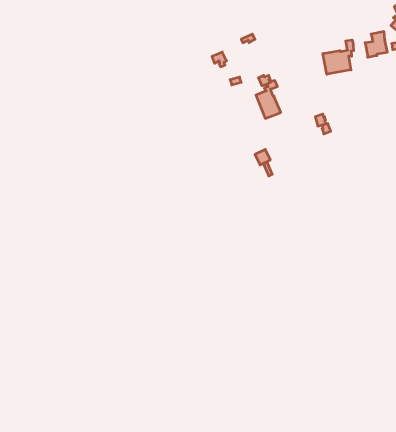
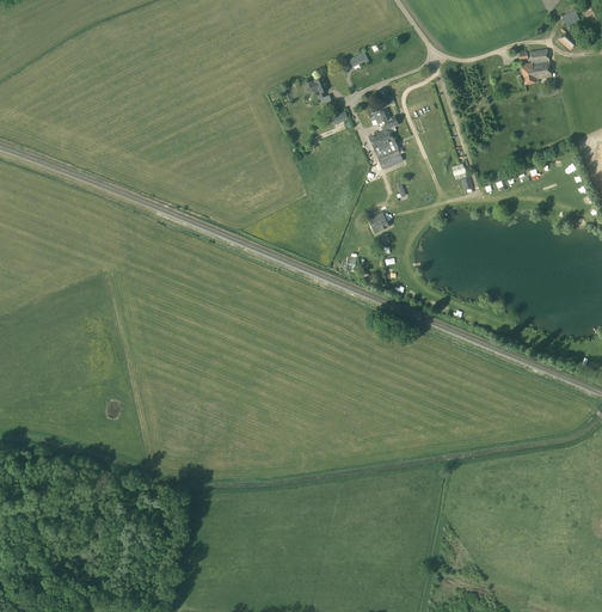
building: [323,40,354,74] -> none

